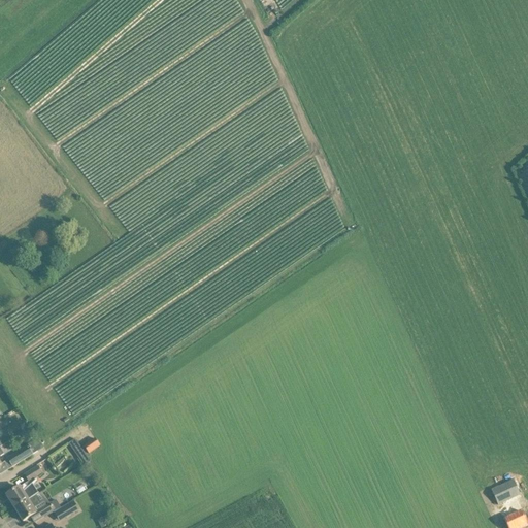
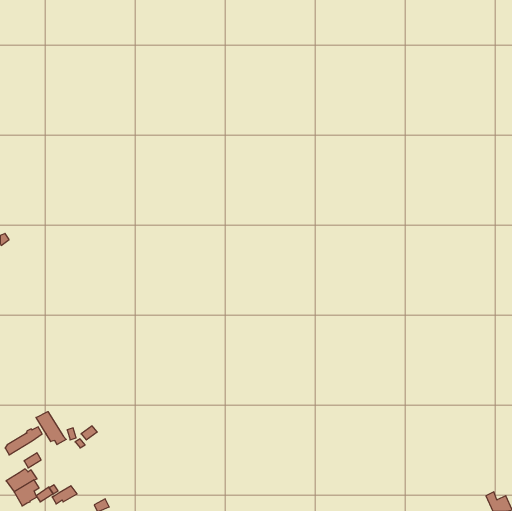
building: none -> [36,412,66,445]
building: [491,478,520,504] -> none

